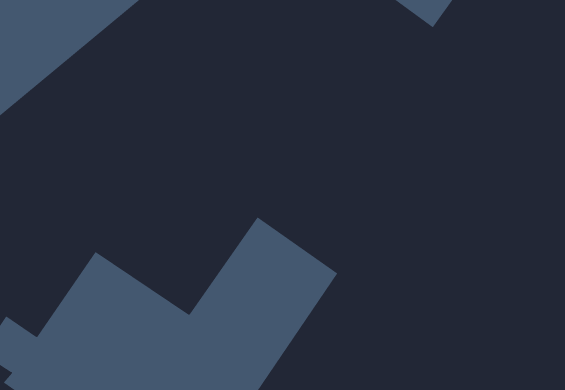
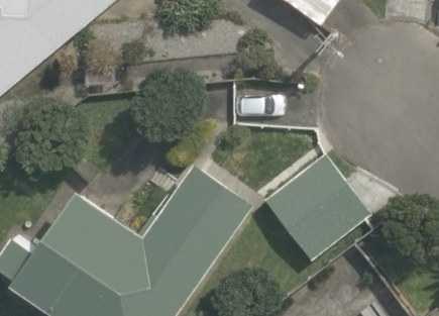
building: none -> [263,155,371,262]

